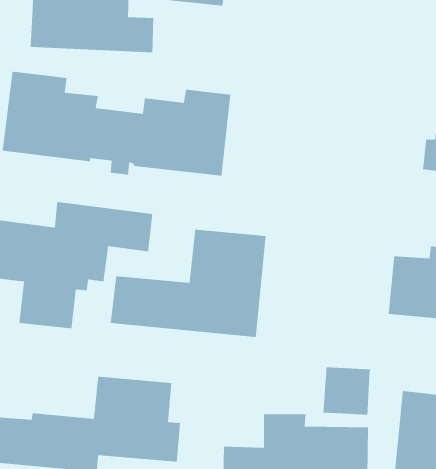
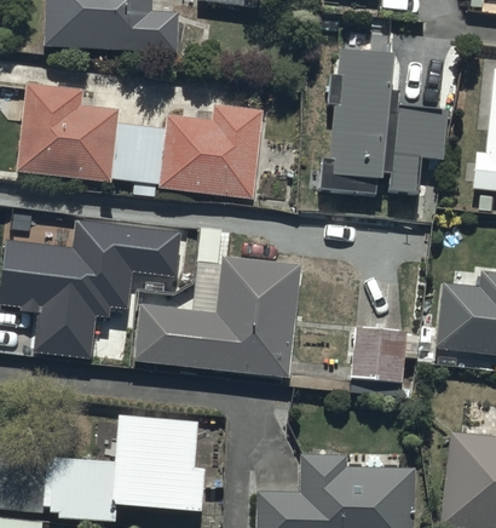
building: none -> [321,47,445,190]
building: [323,367,370,415] -> [351,327,403,380]

